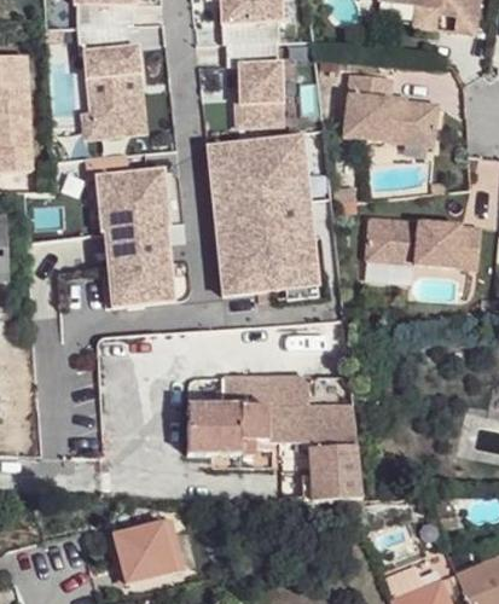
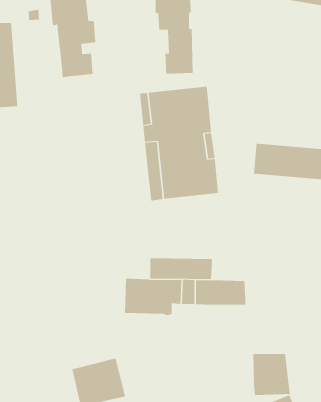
building: [341,70,436,143] -> none
building: [91,80,153,140] -> none
building: [82,157,173,310] -> none
building: [308,442,361,500] -> [252,353,291,395]

